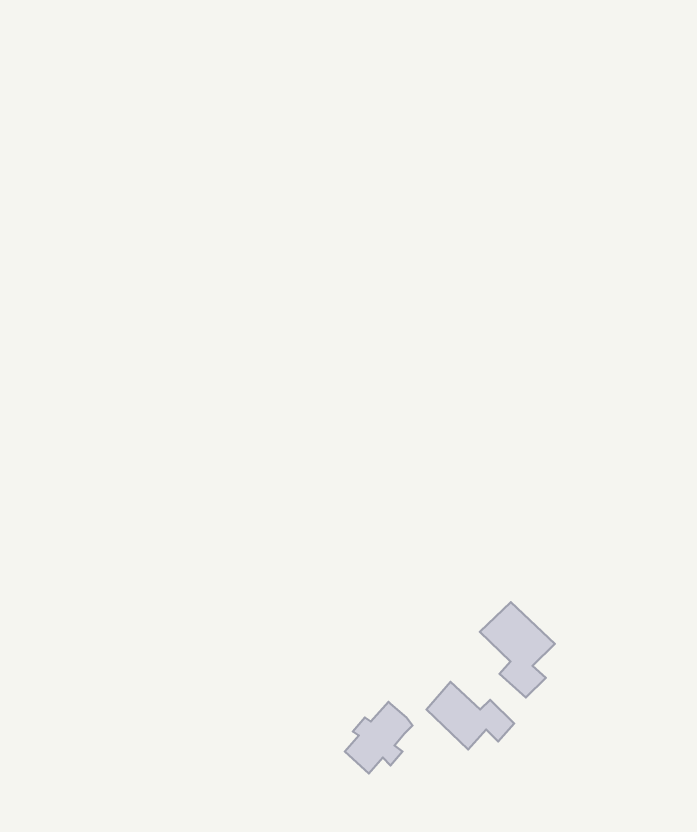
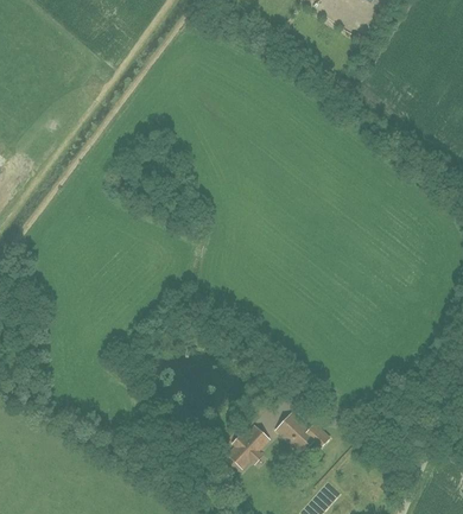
building: [480,602,555,697] -> none

